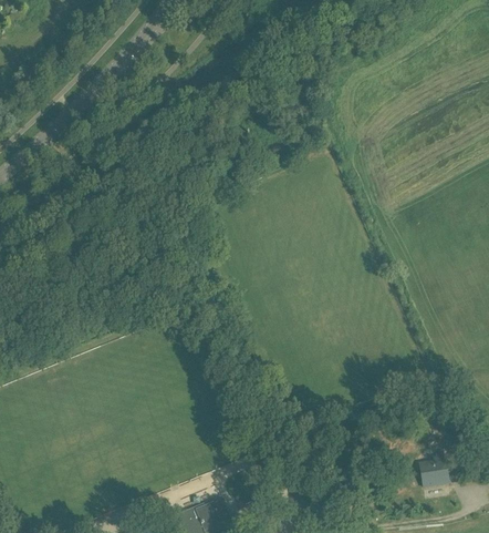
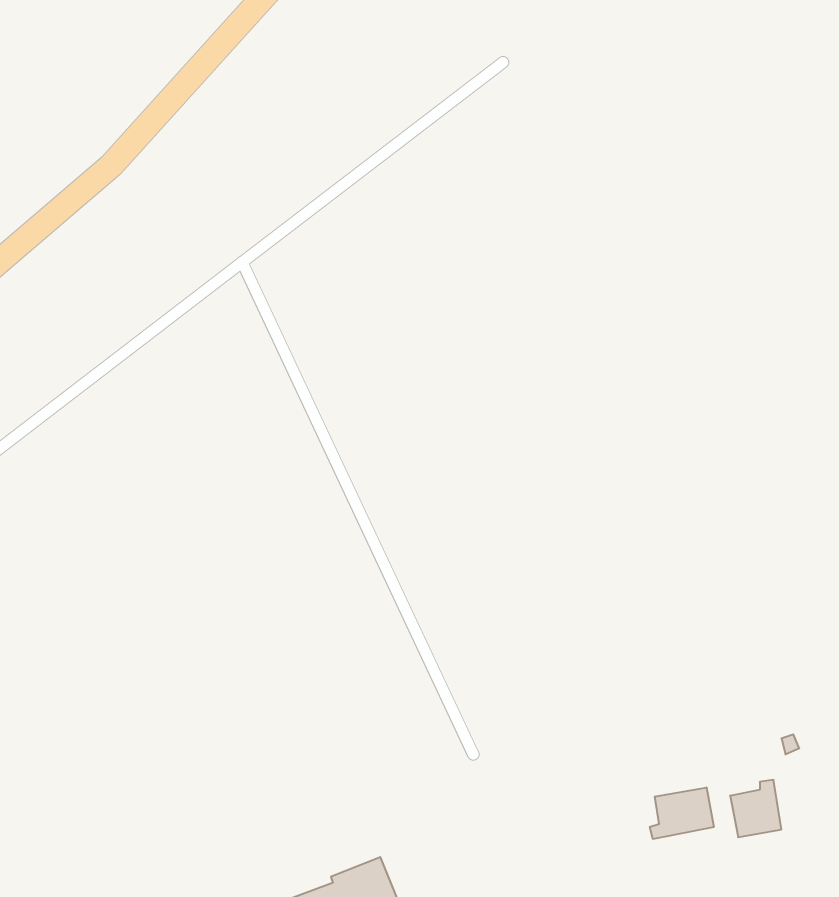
building: none -> [650,787,714,839]

